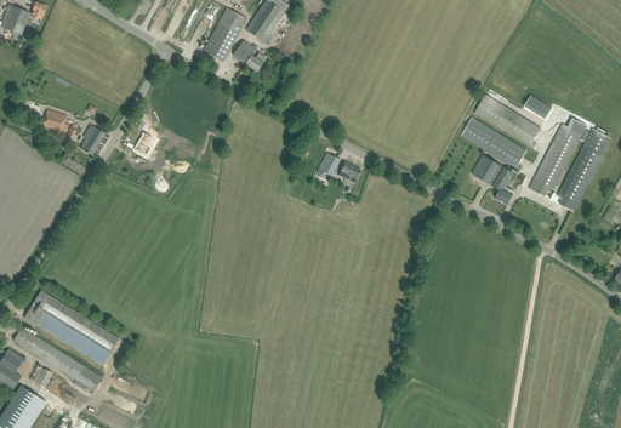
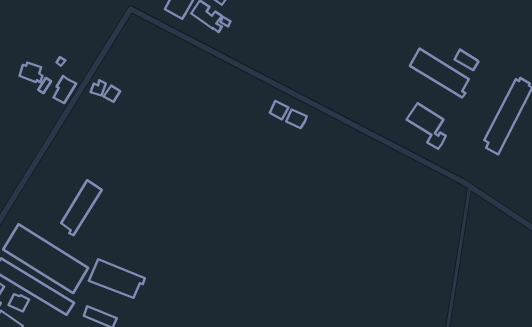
building: [461,116,526,171] -> none
building: [529,118,586,196] -> none
building: none -> [61,180,102,235]
building: none -> [89,259,145,298]

